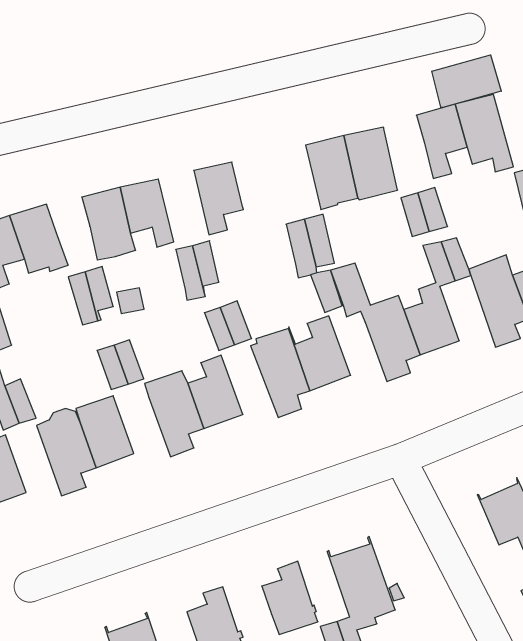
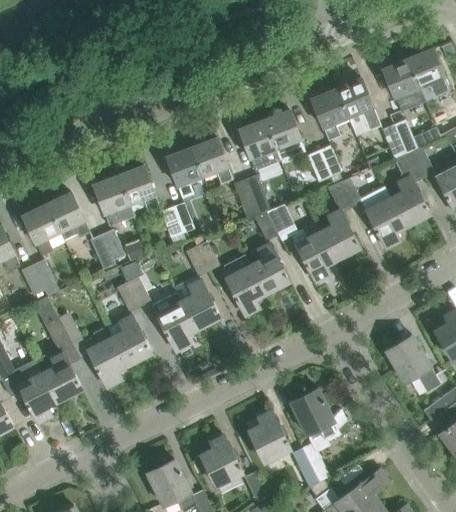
building: [432,55,501,108] -> none
building: none -> [191,137,232,183]

